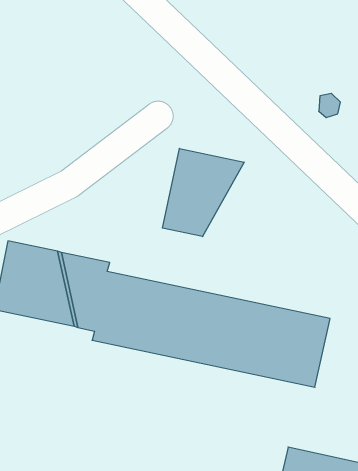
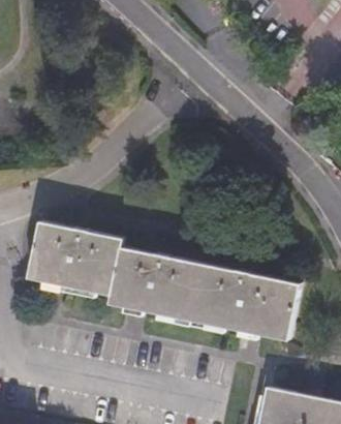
building: [162,148,244,237] -> none

